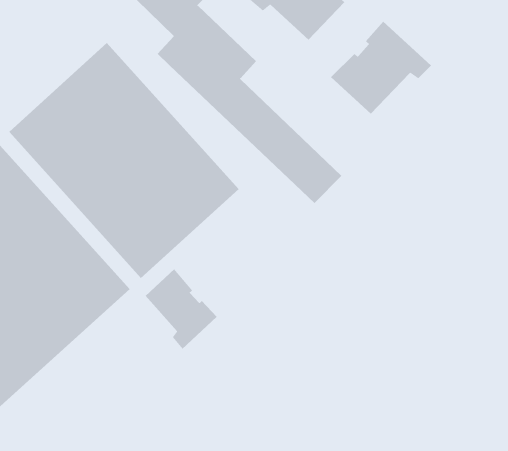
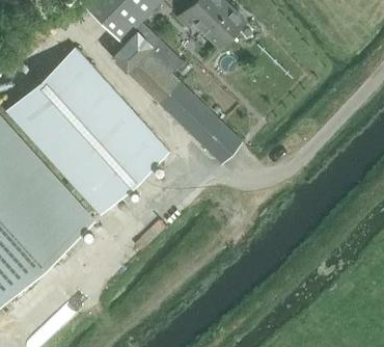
building: [330,21,432,114] -> none
building: [145,269,218,349] -> none

